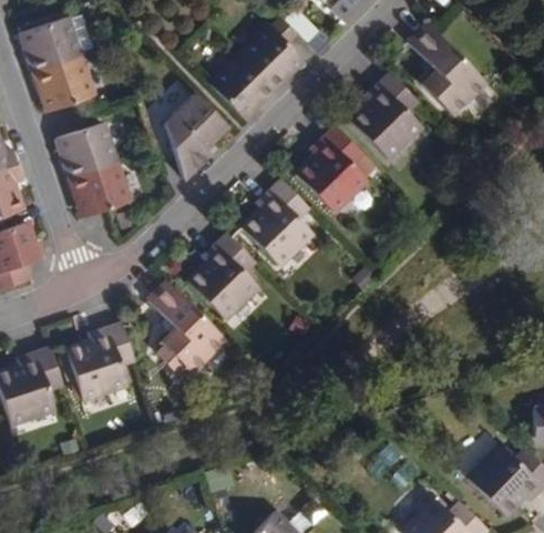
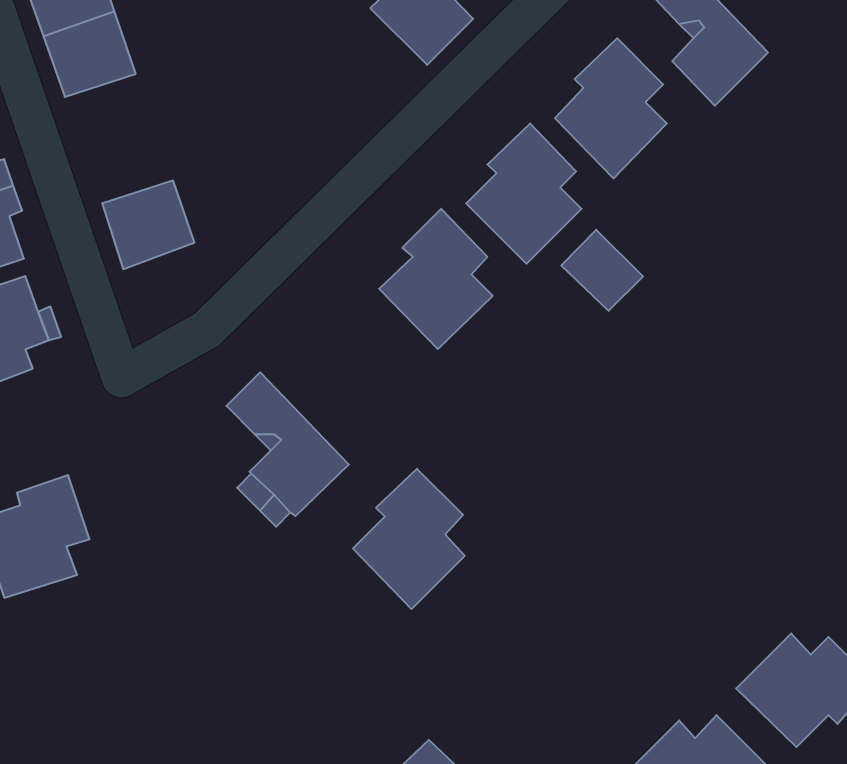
building: [209,54,274,119] -> none
building: [170,93,227,166] -> none
building: [58,123,115,176] -> none
building: none -> [561,230,643,311]
building: [188,234,258,321] -> [353,469,465,609]
building: [66,321,136,399] -> none

